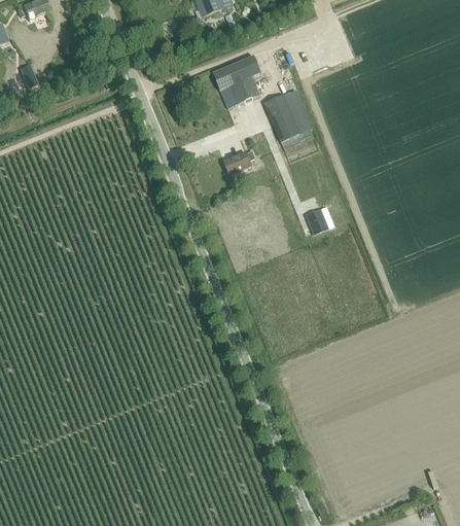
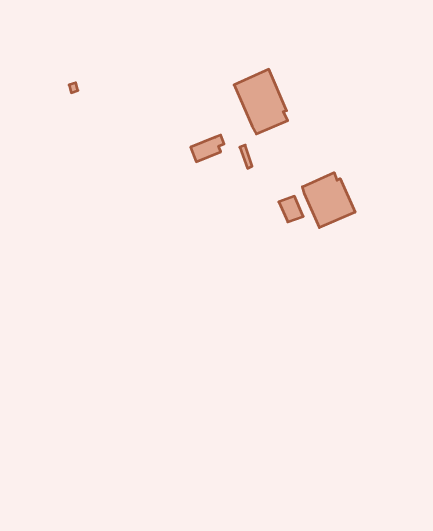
building: [211,55,260,107] -> none
building: none -> [302,173,355,228]

